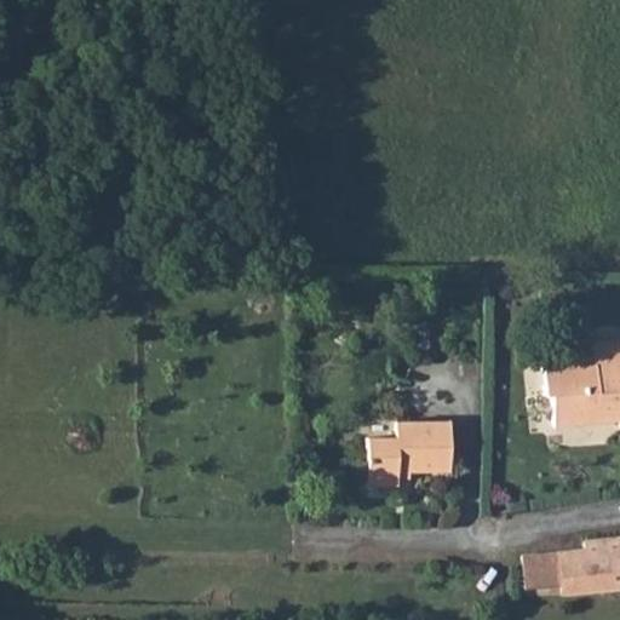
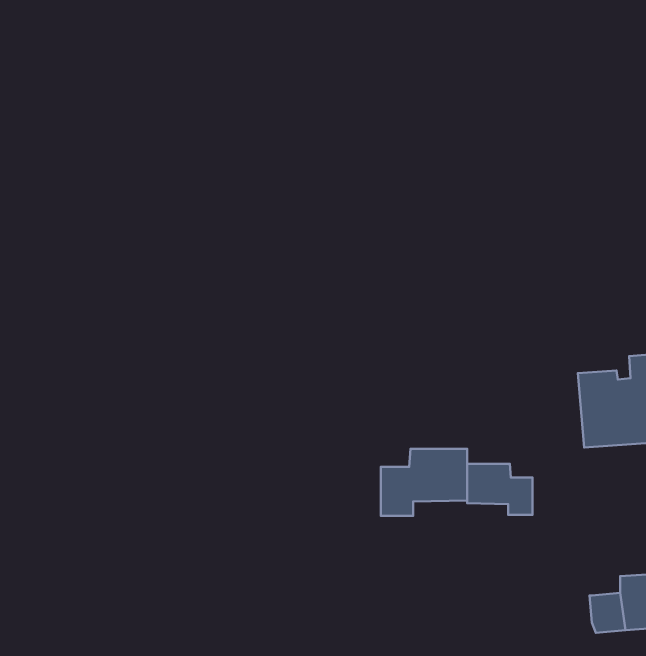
building: none -> [467,464,532,515]
building: [534,551,568,590] -> none

